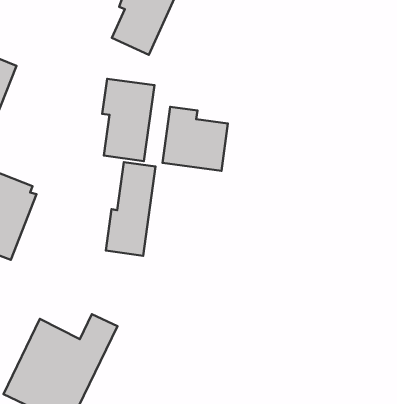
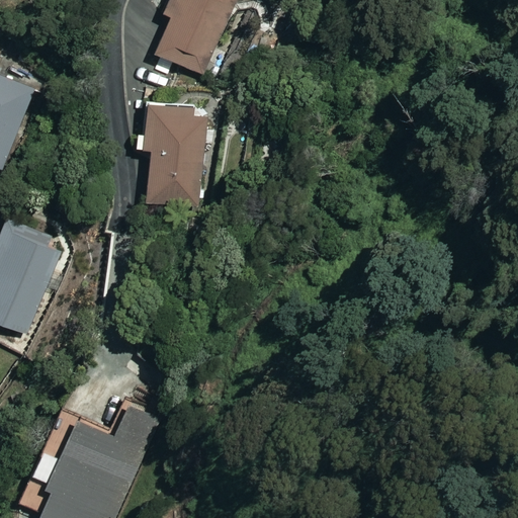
building: [163,107,228,171] -> none
building: [106,162,156,256] -> none

